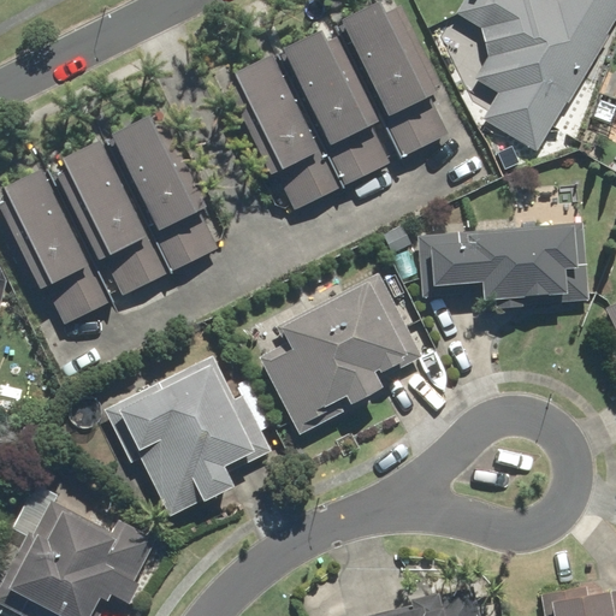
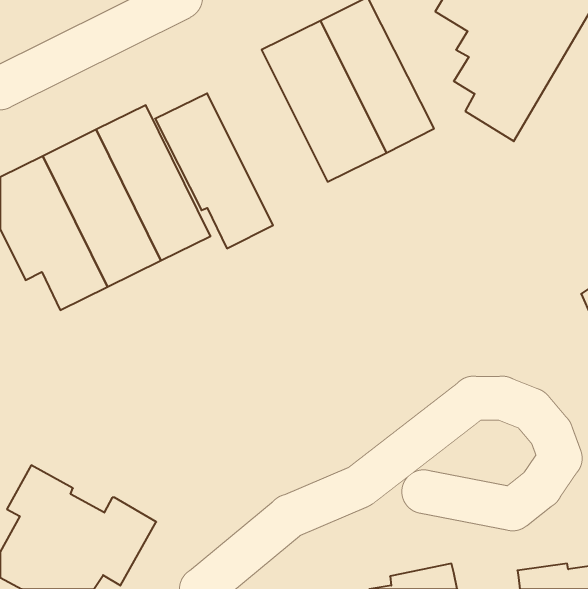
building: [221,52,344,213] -> [155,93,273,248]
building: [417,223,587,309] -> none
building: [257,274,424,437] -> none
building: [106,354,250,522] -> none

